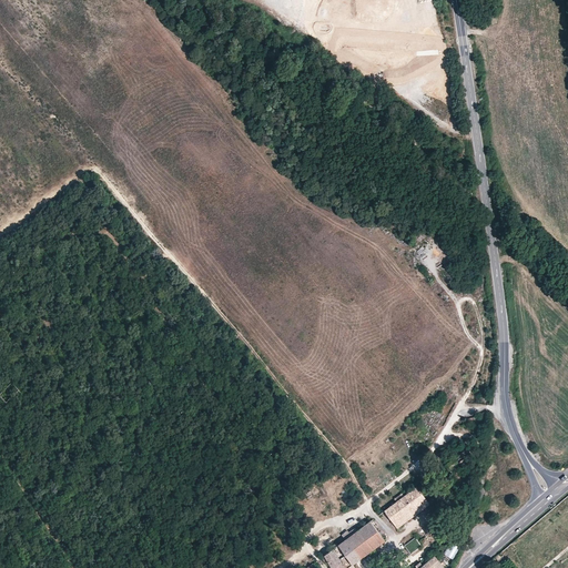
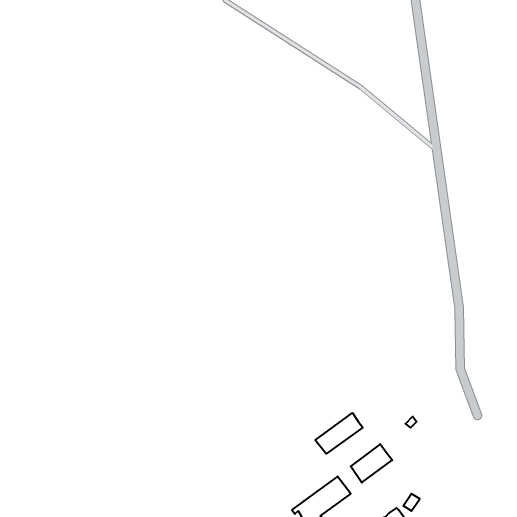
building: none -> [315,413,363,454]

